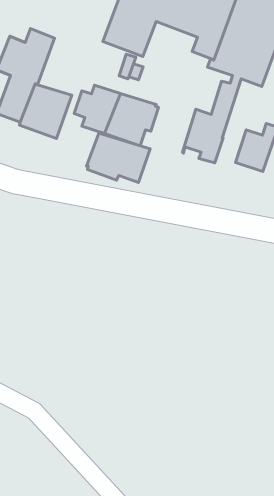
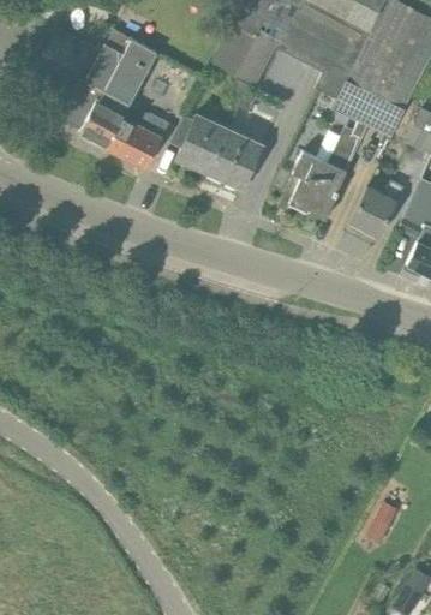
building: [86,133,150,183] -> none

